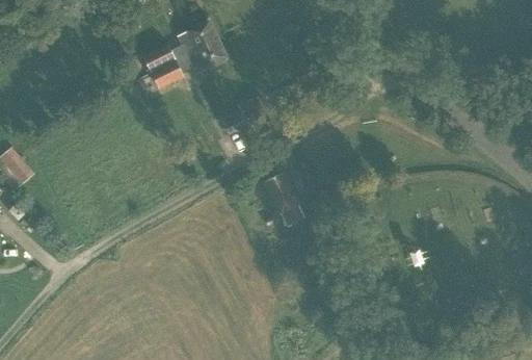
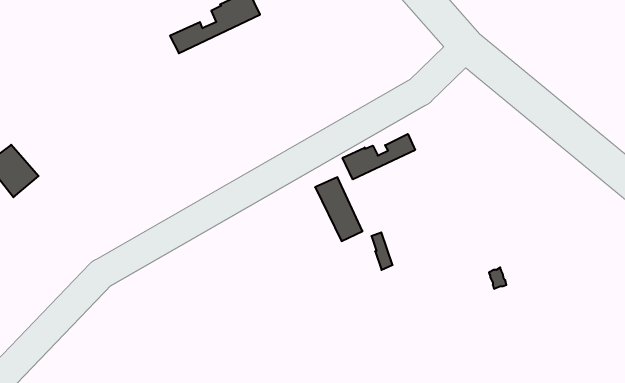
building: [150,38,227,87] -> none
building: none -> [343,134,415,179]

